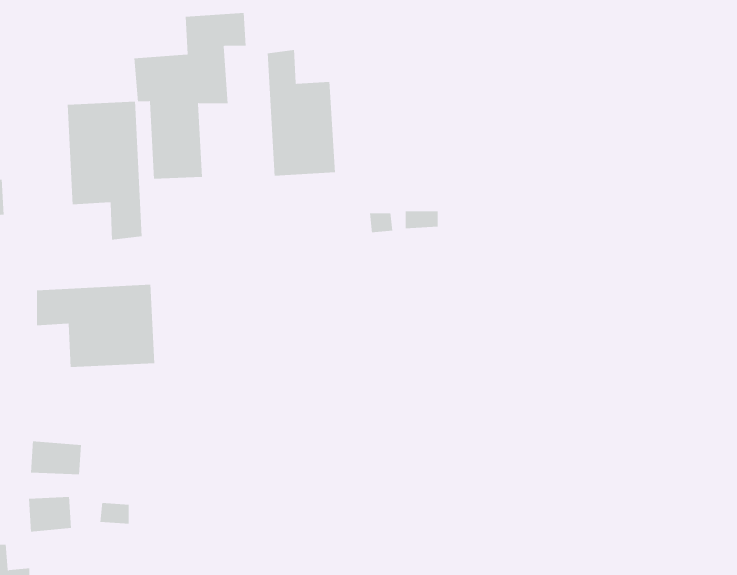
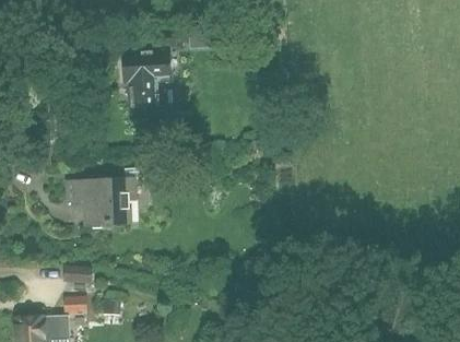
building: [267,49,336,176] -> none
building: [67,101,142,241] -> none

